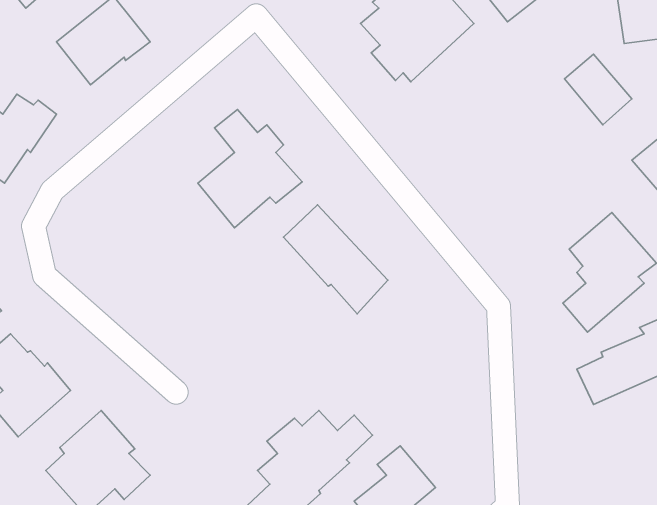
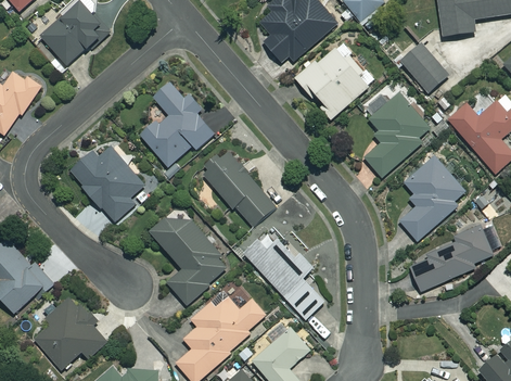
building: none -> [295,42,374,118]
building: none -> [365,92,431,177]
building: none -> [68,145,144,220]
building: none -> [151,217,227,305]
building: none -> [244,225,324,319]

